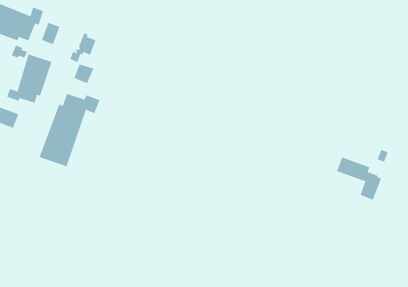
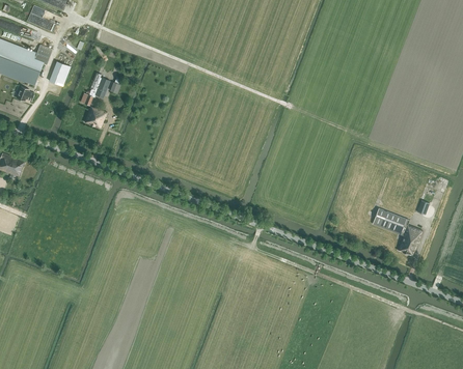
building: [6,54,52,103] -> none
building: [39,93,100,167] -> none

